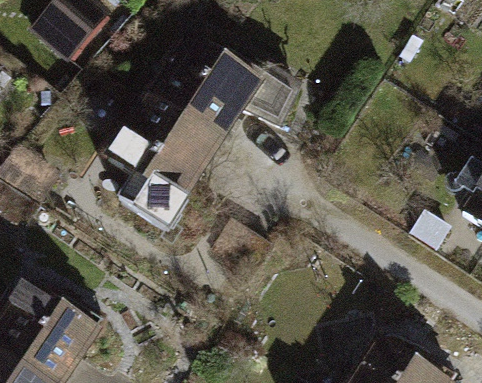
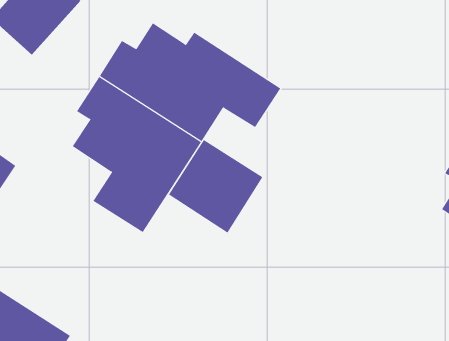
building: none -> [168,139,263,234]

